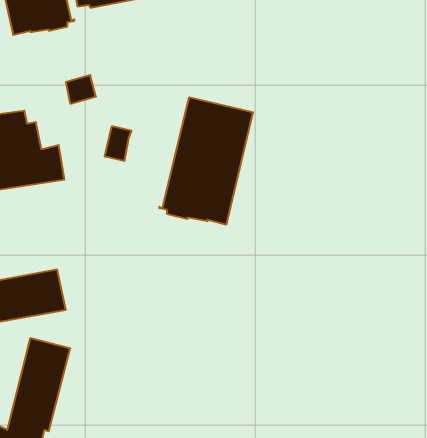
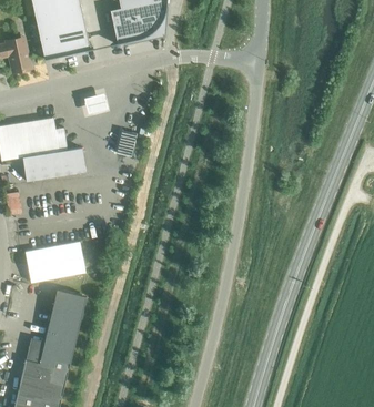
building: [159,97,253,225] -> none

